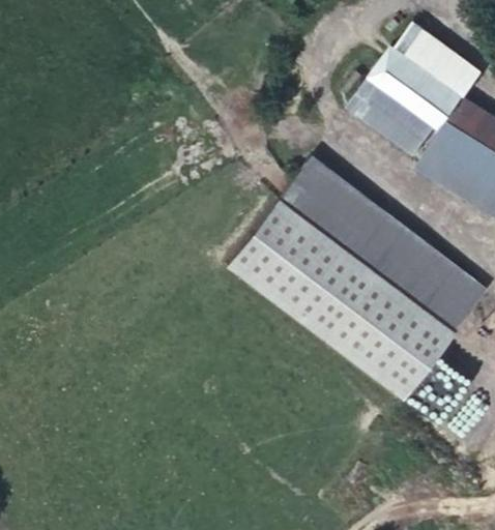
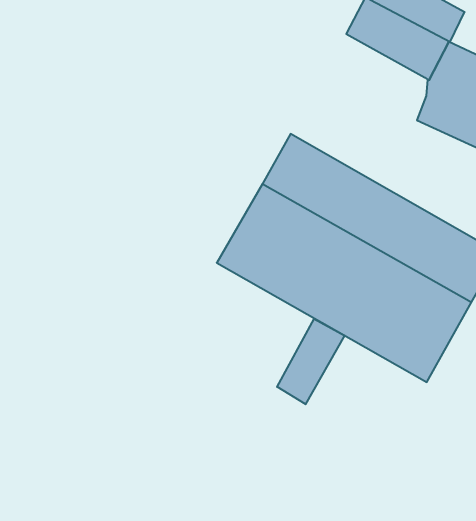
building: [351,77,437,153] -> none
building: none -> [277,319,345,404]

